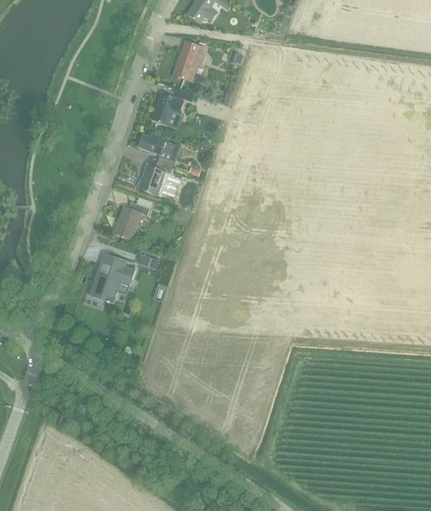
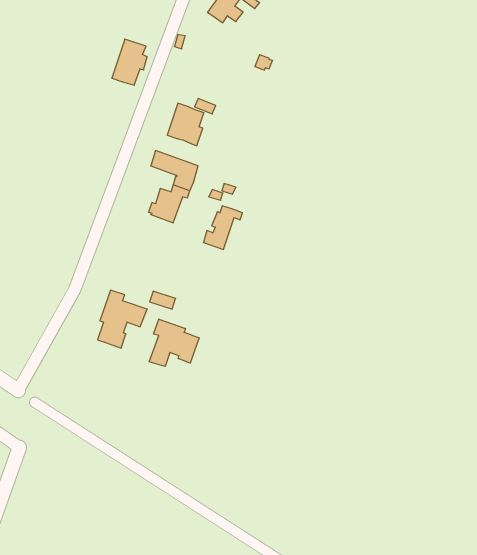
building: [173,40,204,80] -> [112,39,147,85]
building: [114,201,148,239] -> [203,206,242,249]
building: none -> [149,319,199,366]

